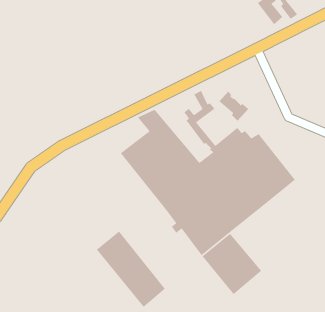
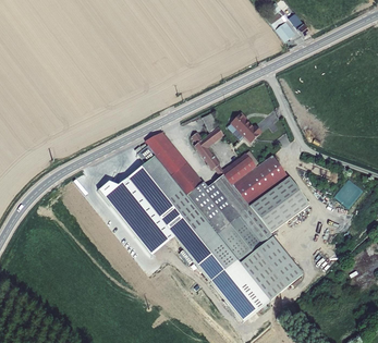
building: none -> [241,233,306,298]
building: [96,230,166,308] -> [103,177,175,257]

